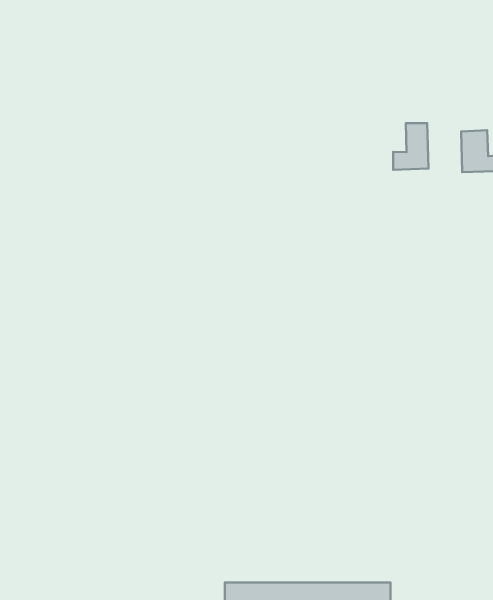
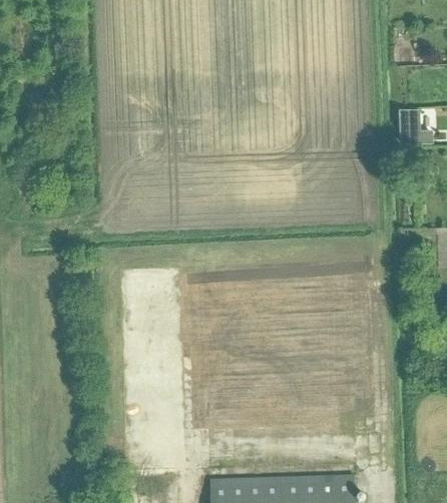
building: [393,123,429,170] -> none

